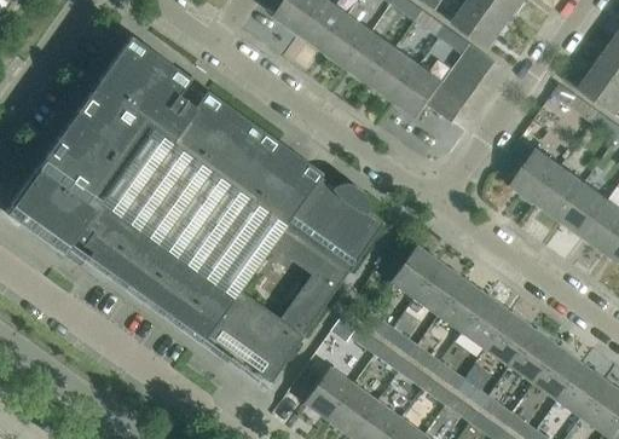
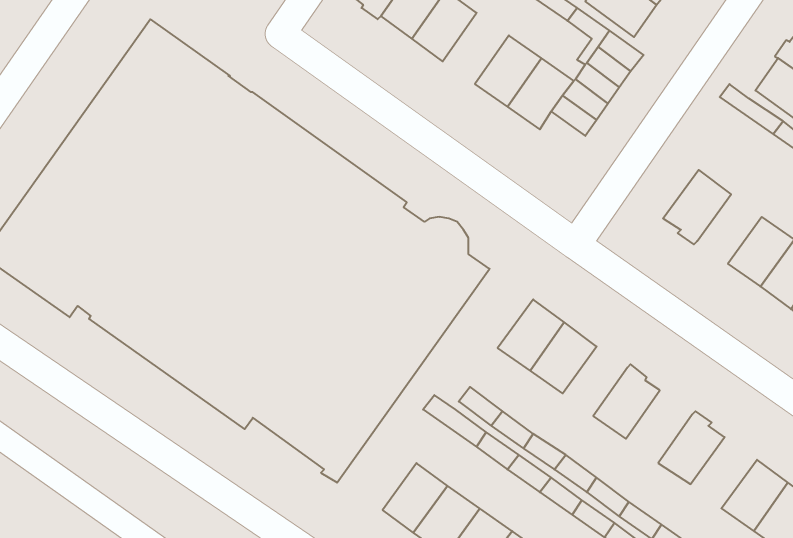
building: [346,30,395,83] -> none
building: [536,166,584,218] -> none
building: [435,279,484,331] -> none
building: [482,311,532,366] -> none
building: [531,345,580,400] -> none

